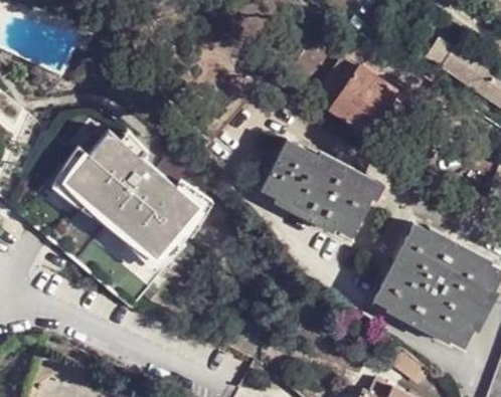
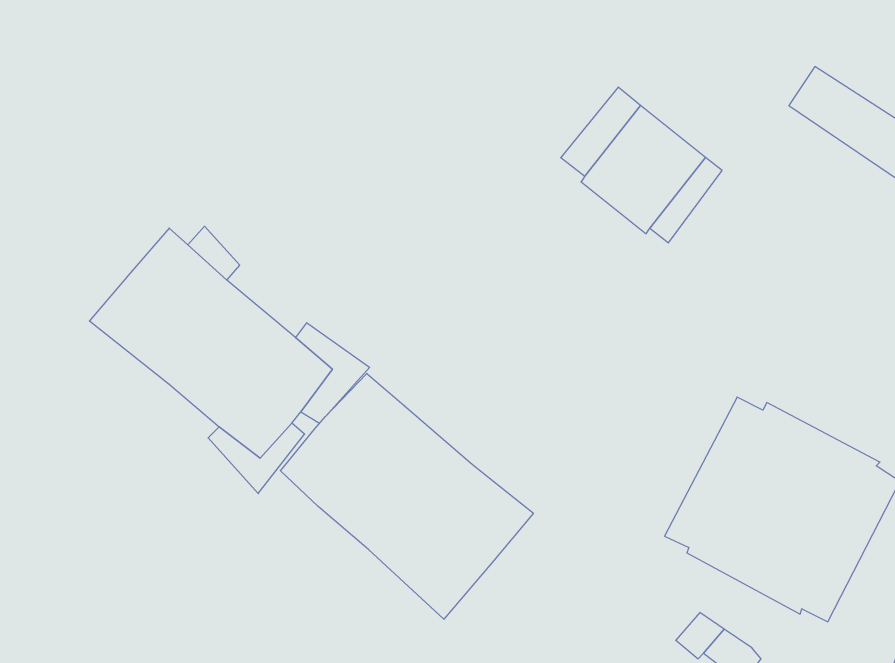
building: [263,140,377,235] -> none
building: [45,148,106,225] -> none
building: none -> [280,373,533,619]

